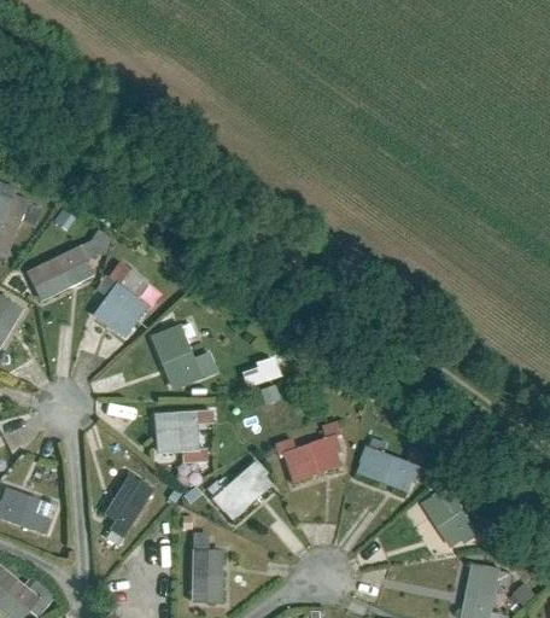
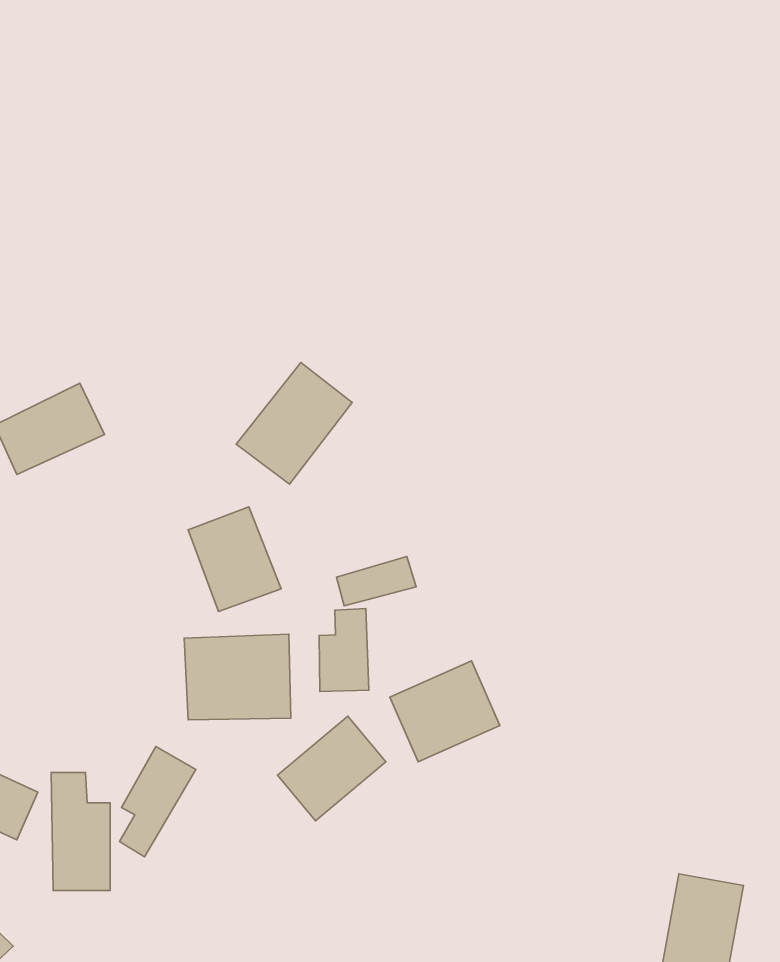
building: [90,263,164,340] -> [236,362,352,484]
building: none -> [319,609,369,691]
building: [362,449,420,494] -> none
building: [423,483,481,544] -> none
building: [188,530,226,605] -> [51,772,110,890]

